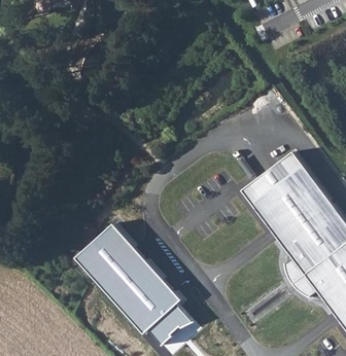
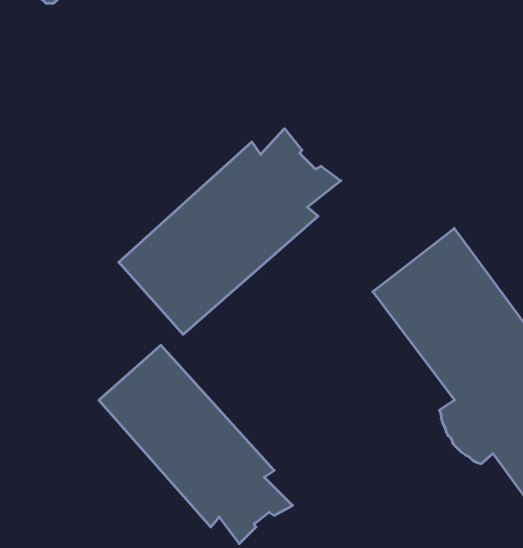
building: none -> [119,129,341,334]

